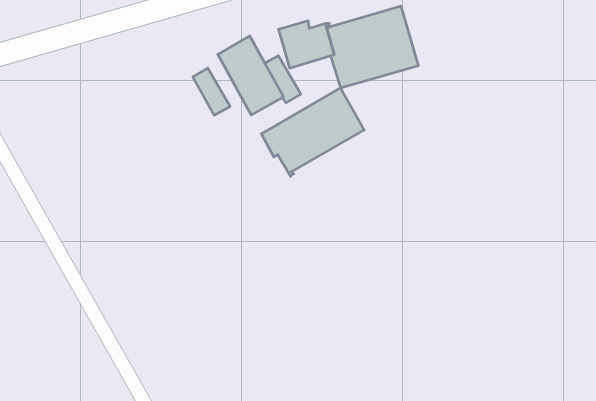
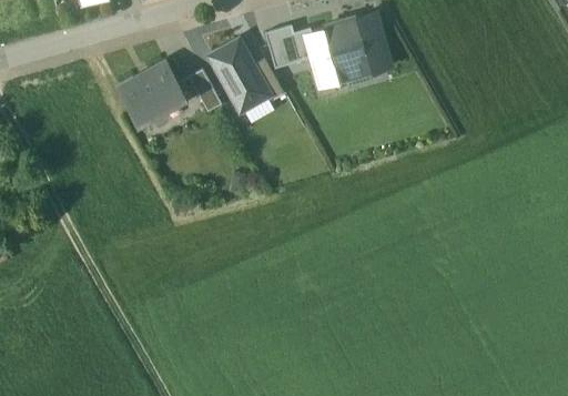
building: none -> [119,62,185,124]
building: [261,88,364,176] -> none

